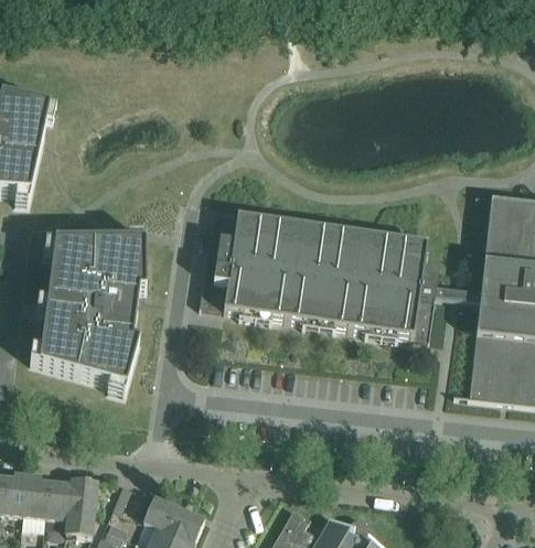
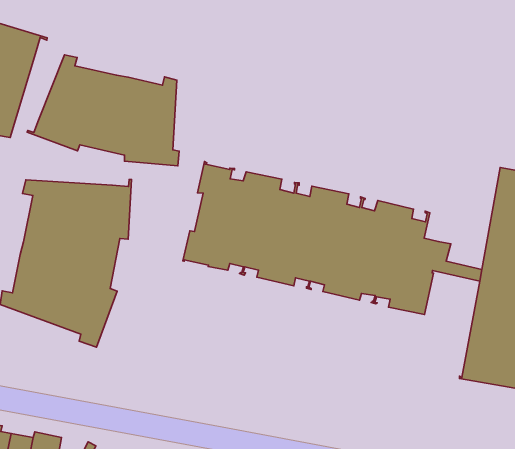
building: none -> [27,55,179,166]

